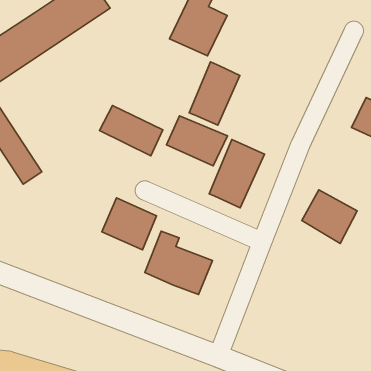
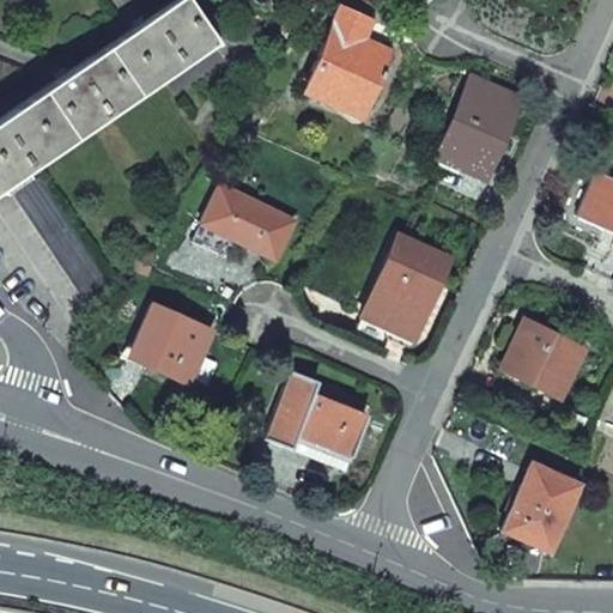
building: [189,62,240,125] -> [443,79,517,172]
building: [166,116,228,166] -> none
building: [102,198,156,250] -> [133,306,213,383]
building: none -> [499,463,576,550]

